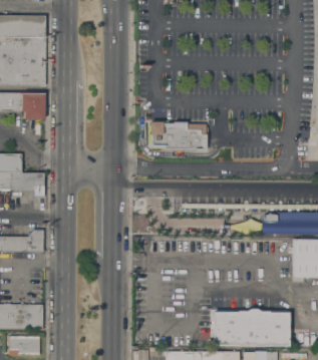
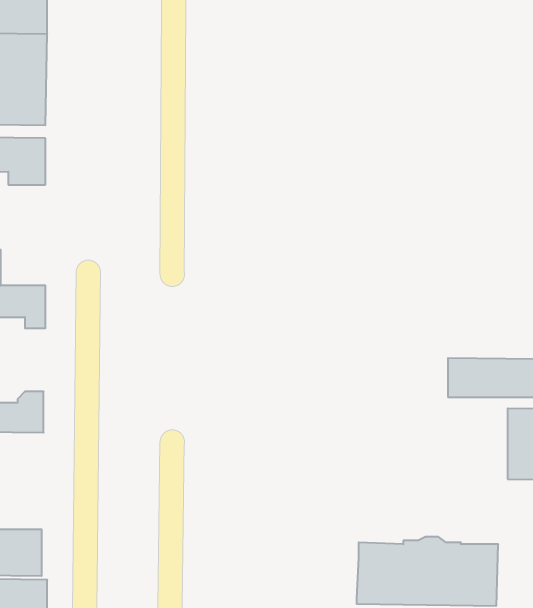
building: [148,120,209,152] -> none

